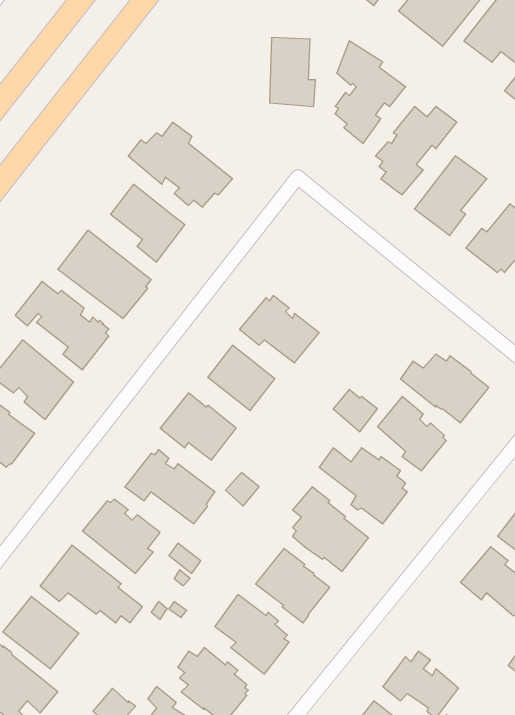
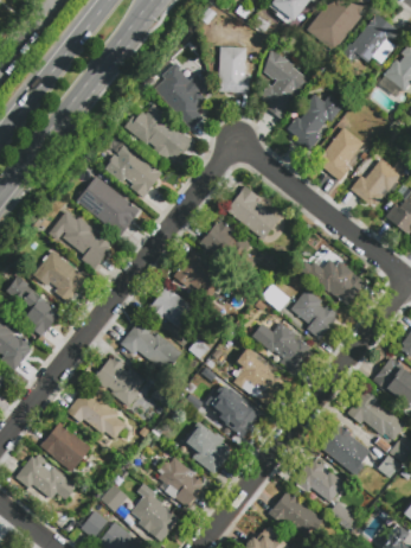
building: none -> [153,60,207,127]
building: none -> [225,184,278,237]
building: none -> [320,425,370,472]

